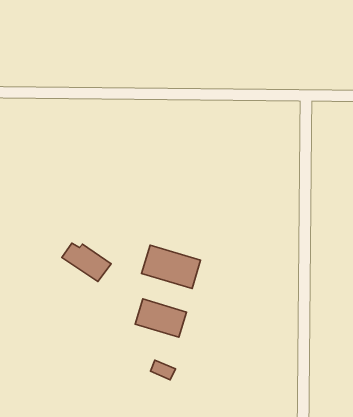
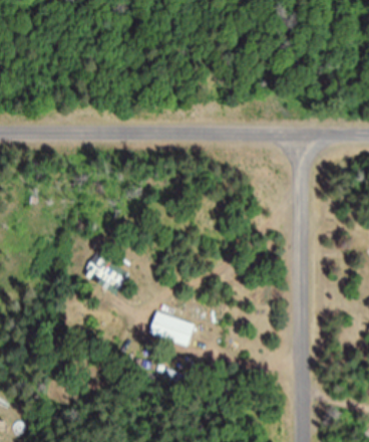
building: [142,245,201,289] -> none

